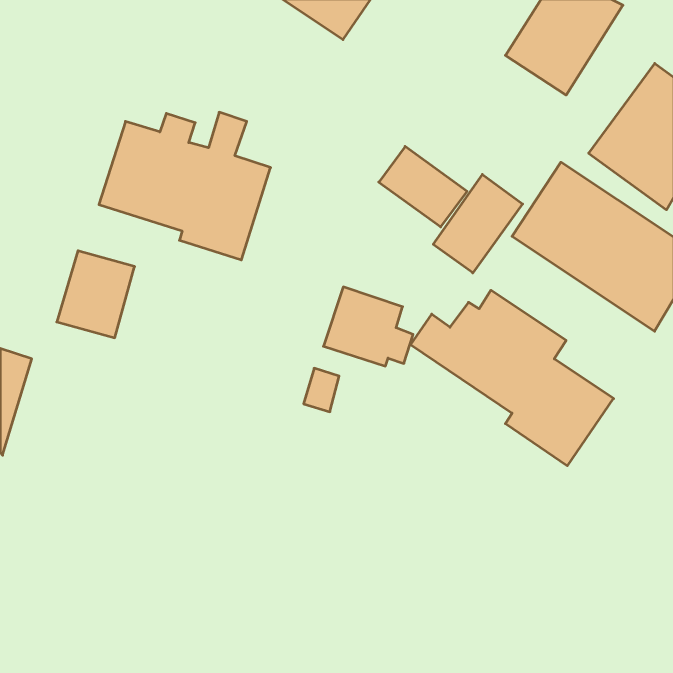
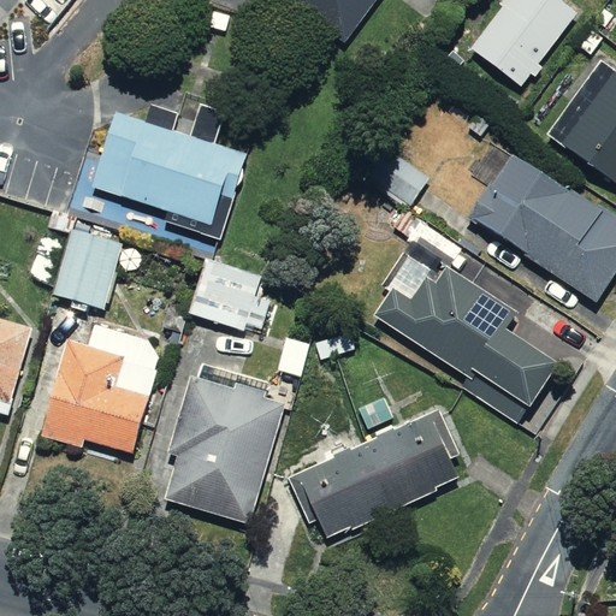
building: [433,174,523,273] -> none
building: [323,287,413,366] -> [190,257,272,330]
building: none -> [31,336,158,456]
building: none -> [154,368,273,525]
building: none -> [307,414,469,538]

